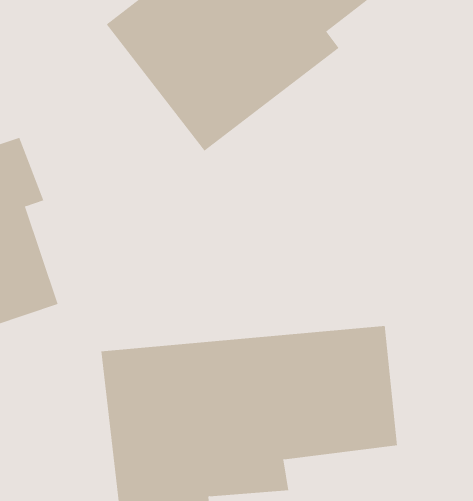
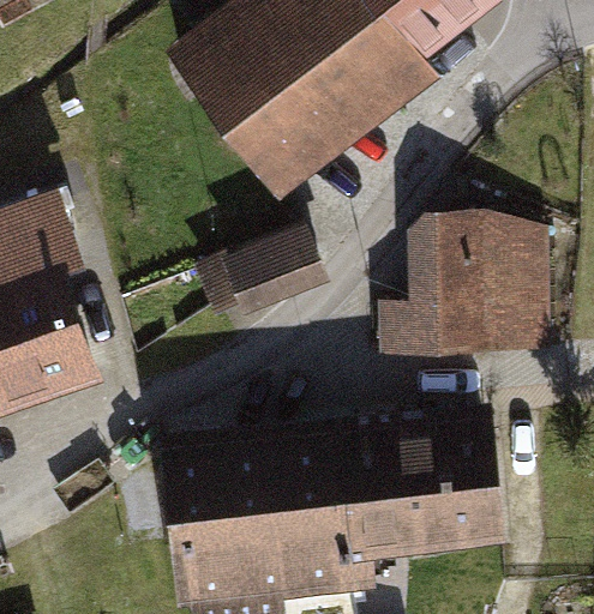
building: none -> [376,211,551,360]
building: none -> [193,225,325,317]

